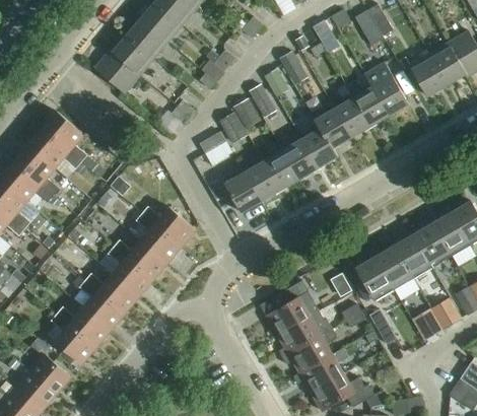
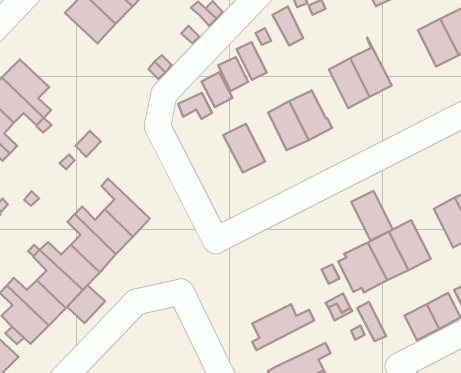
building: [364,63,408,116] -> none
building: [312,105,351,148] -> none
building: [261,146,298,190] -> none
building: [222,168,261,213] -> none
building: [141,206,196,247] -> none
building: [413,223,452,268] -> [351,191,393,241]
building: [266,280,314,335] -> none
building: none -> [67,285,105,323]
building: [282,329,337,372] -> none

